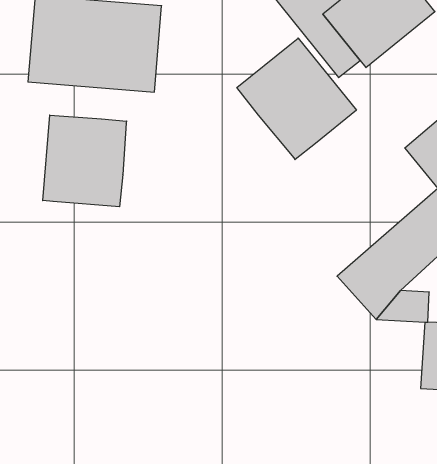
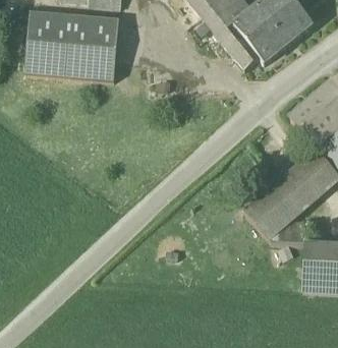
building: [237,38,356,160] -> none
building: [43,115,127,207] -> none

